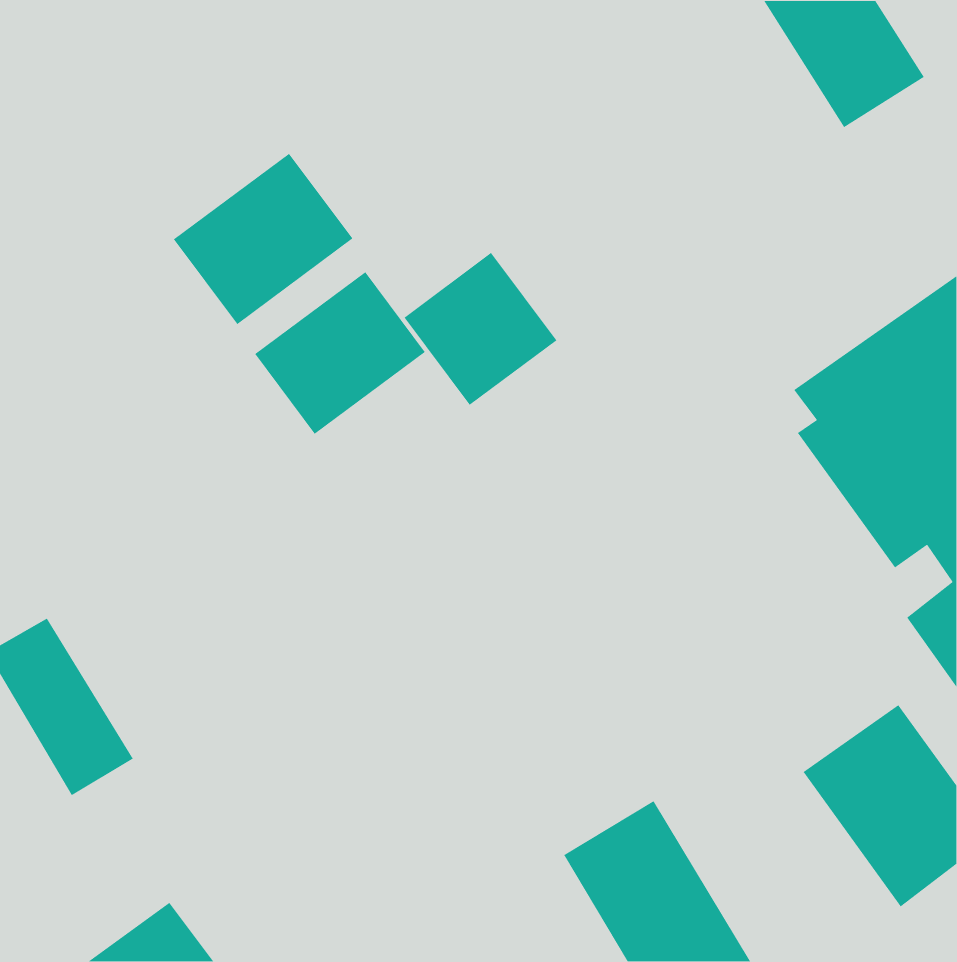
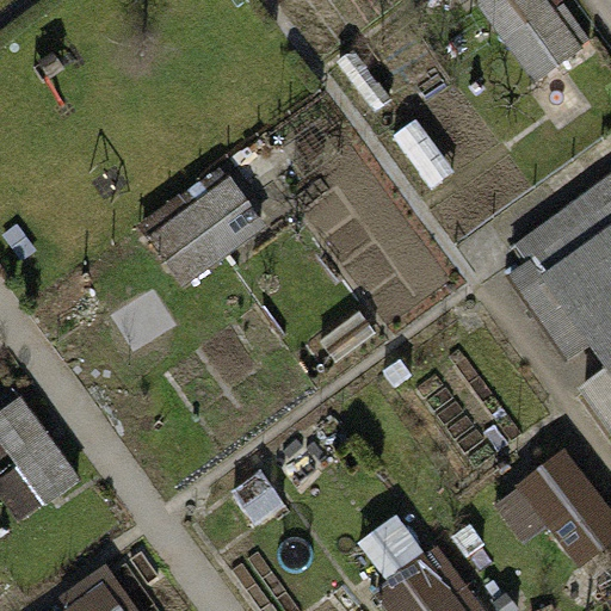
building: [173,153,354,325] -> none
building: [403,252,557,406] -> none

